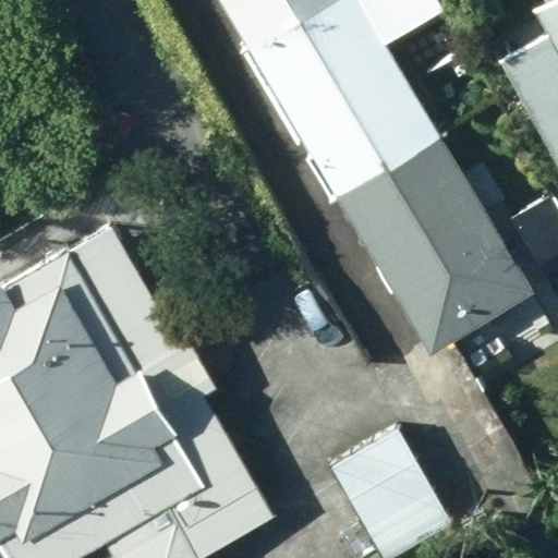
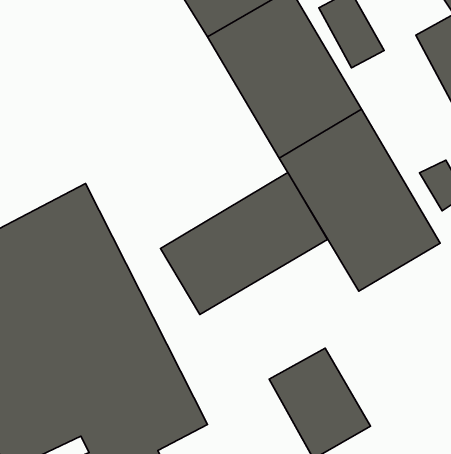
building: none -> [160,172,328,315]

